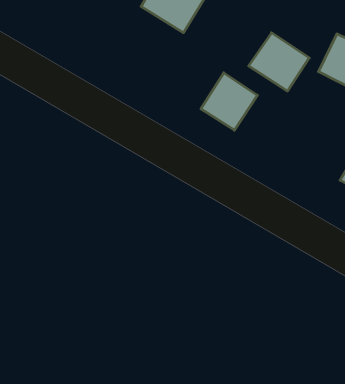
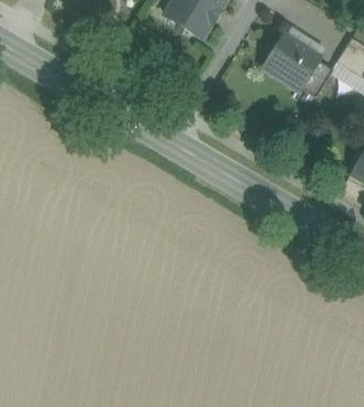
building: [201,73,257,130] -> none

